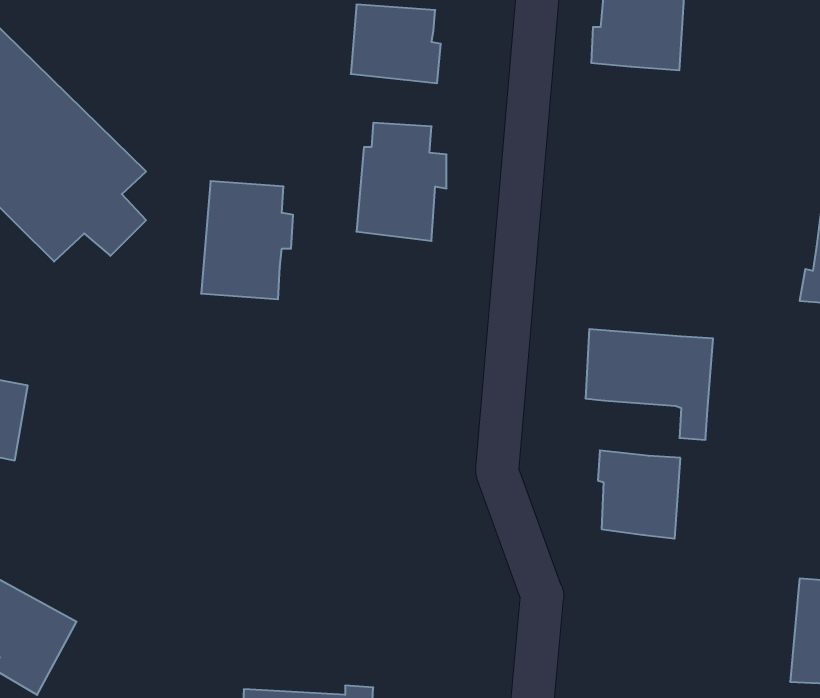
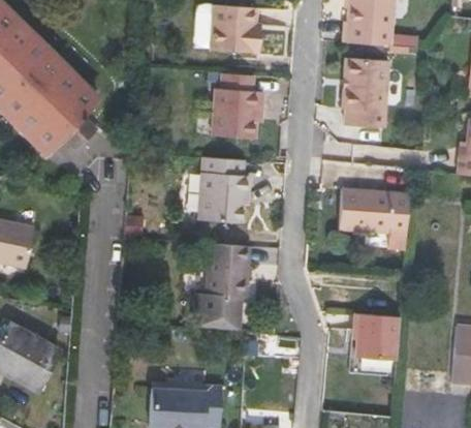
building: none -> [342,57,388,127]
building: [201,181,293,299] -> [198,156,249,221]
building: none -> [194,242,249,329]
building: [598,450,680,539] -> [354,313,400,362]

